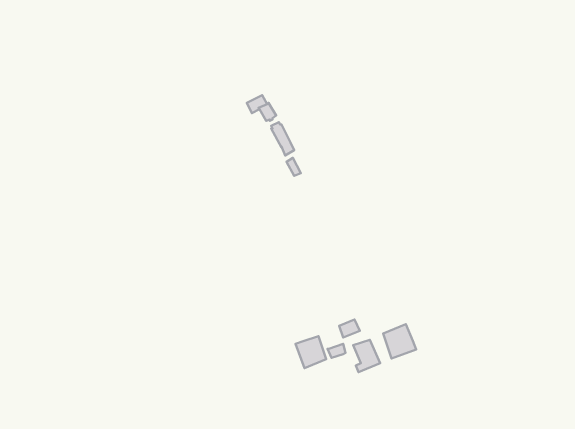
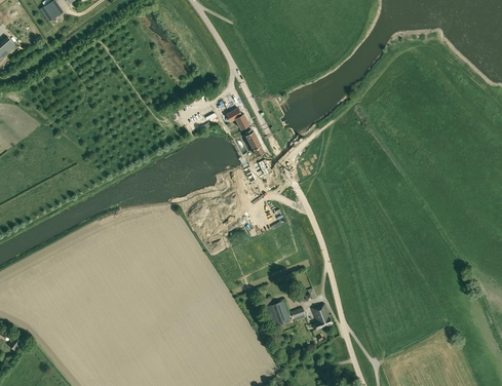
building: [383,324,416,358] -> none

